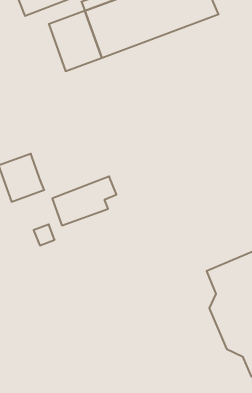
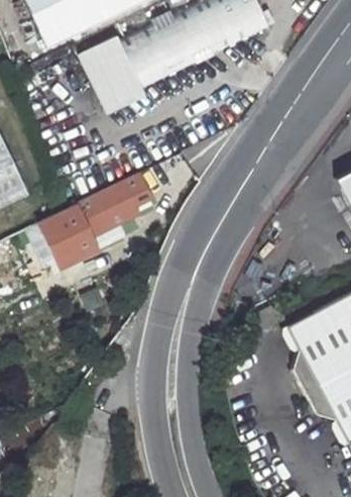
building: [52,176,116,225] -> [70,179,143,240]

